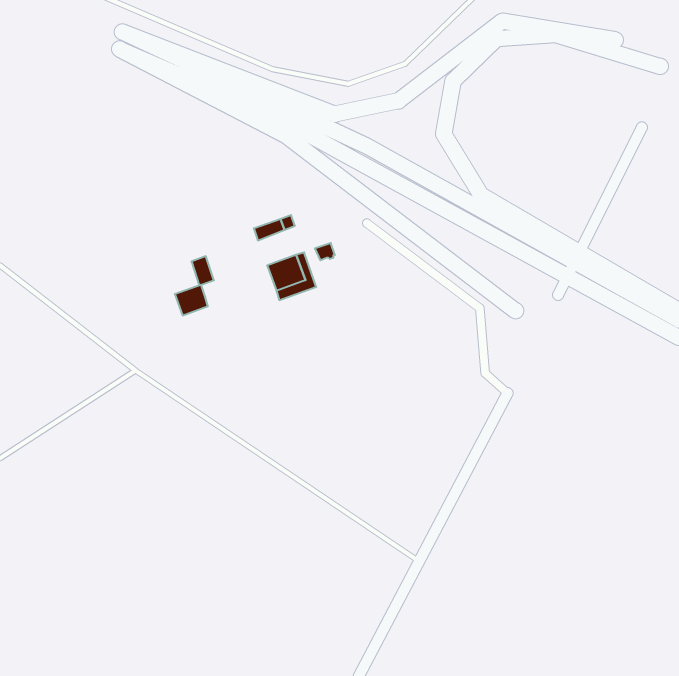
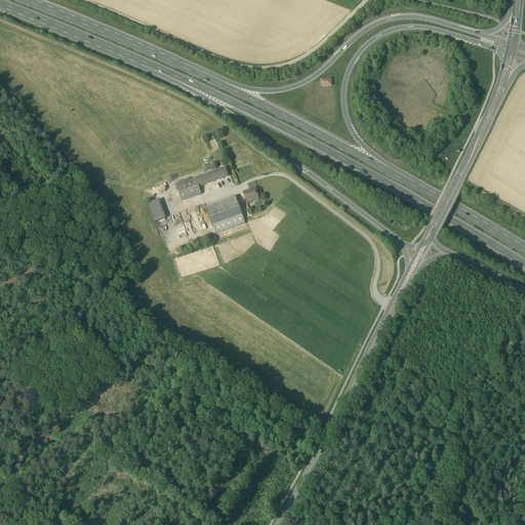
building: [175,285,208,315] -> [175,176,201,200]

